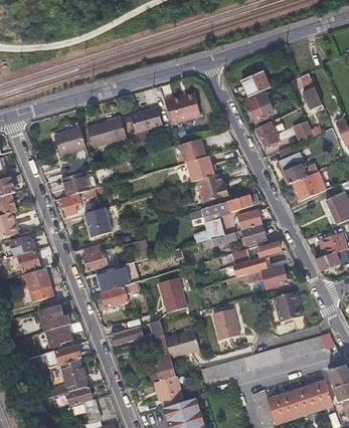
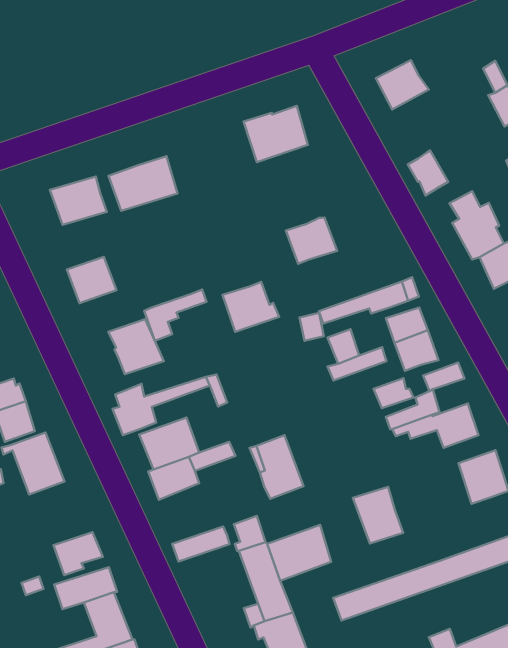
building: [245,94,272,124] -> none
building: [131,106,162,132] -> none
building: [179,138,205,162] -> none
building: [197,173,228,200] -> [222,282,279,332]
building: [61,188,97,215] -> [144,290,206,341]
building: [38,302,70,331] -> none

